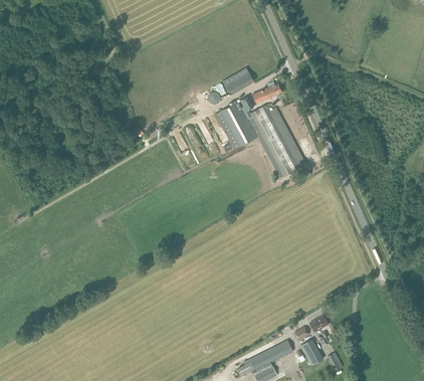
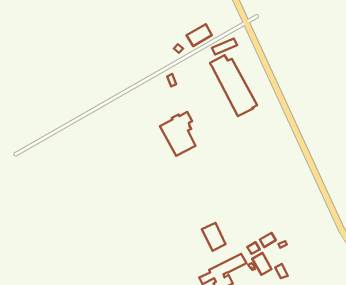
building: [215,97,257,149] -> [160,112,195,156]
building: none -> [202,223,226,251]

